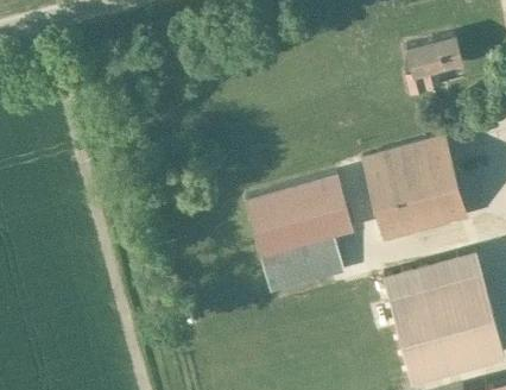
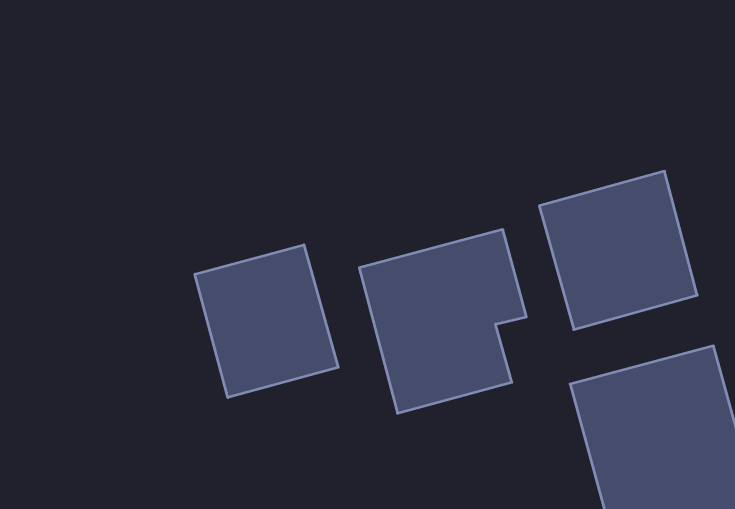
building: [407,37,466,99] -> none
building: none -> [195,245,338,398]

